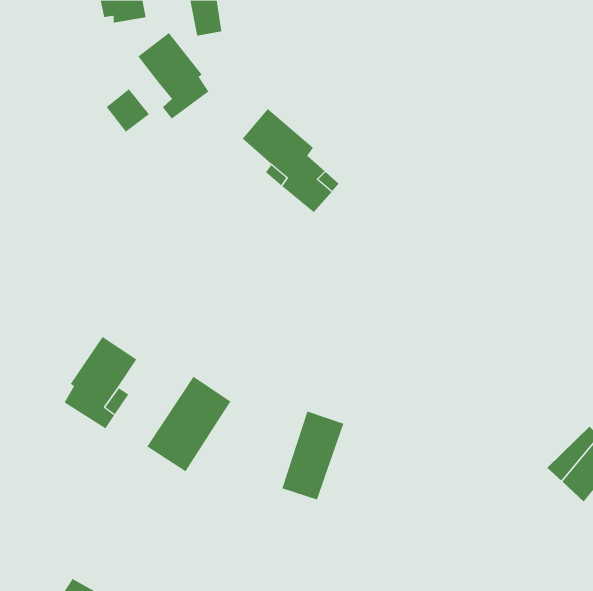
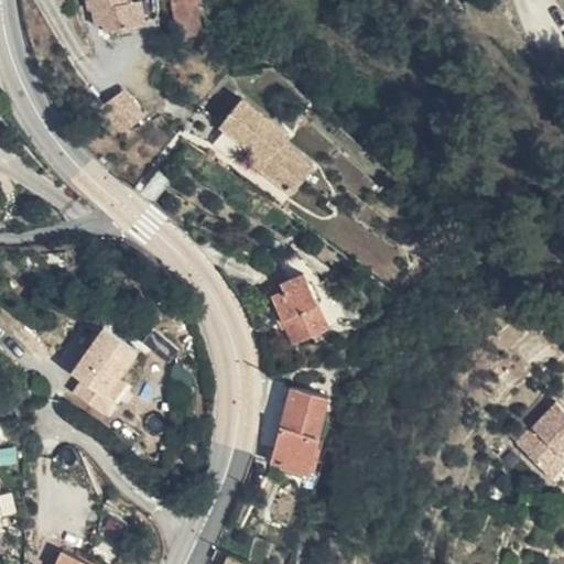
building: [138,32,209,120] -> none
building: none -> [262,274,330,344]
building: [146,376,231,472] -> none

